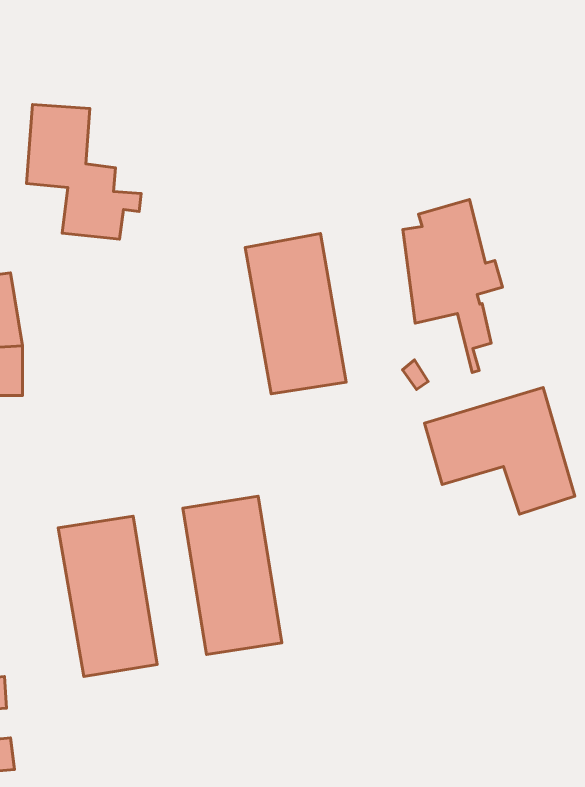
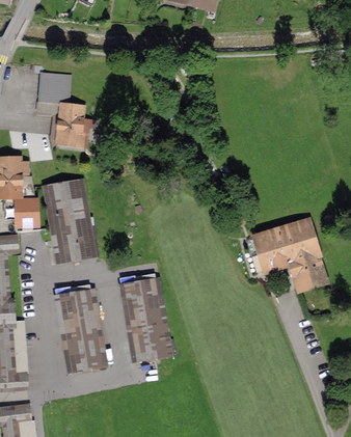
building: [403,199,503,372] -> none
building: [245,234,346,394] -> [44,177,97,262]

